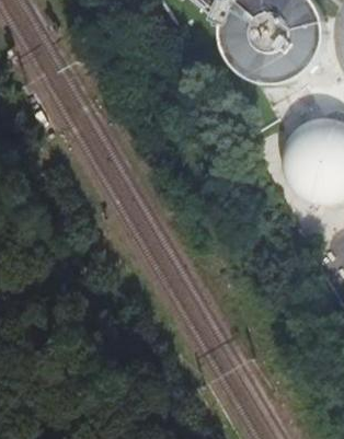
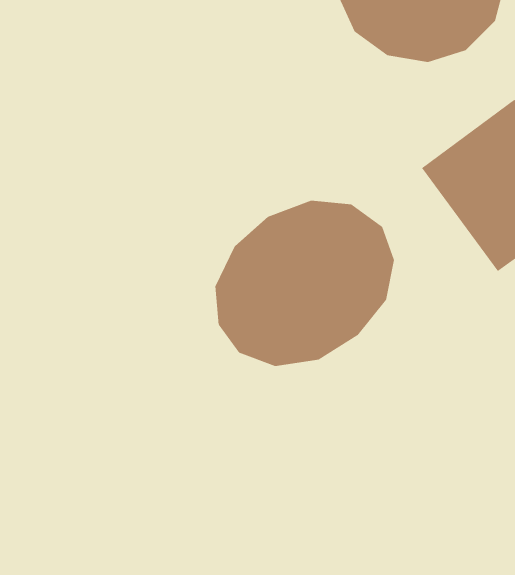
building: none -> [215,200,395,367]

